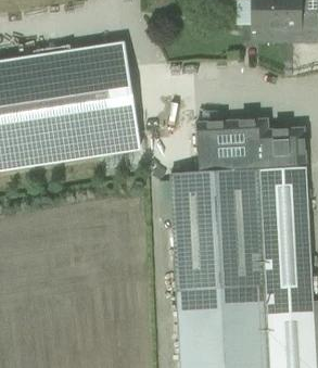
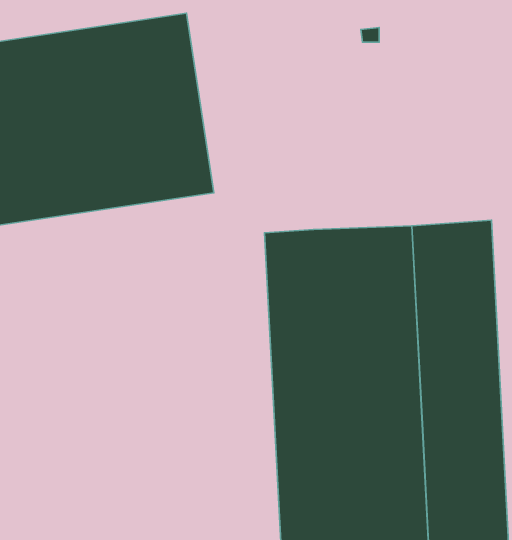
building: [196,120,305,170] -> none

